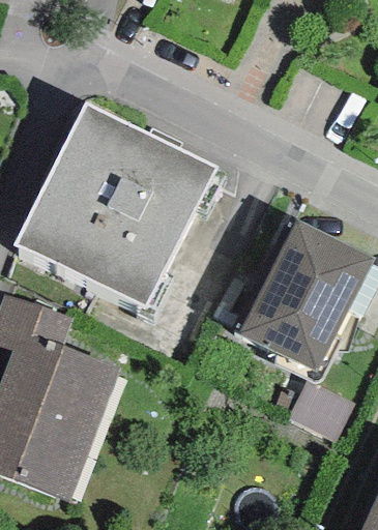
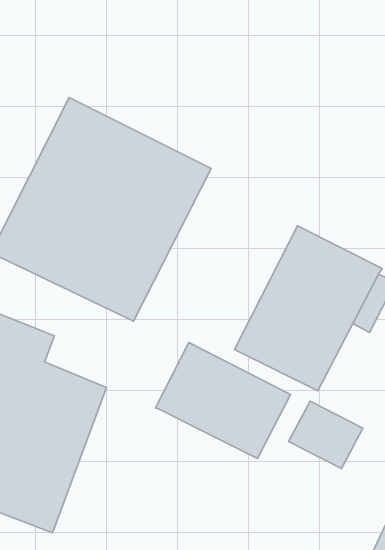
building: none -> [155,343,291,458]

